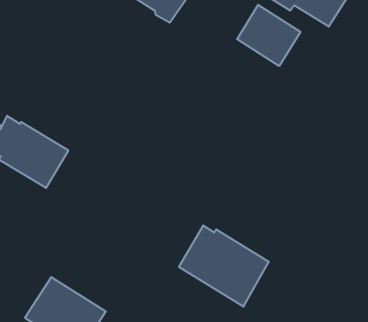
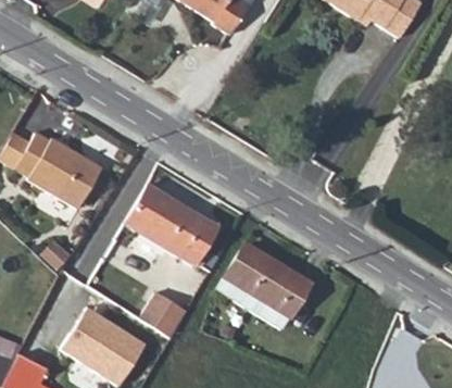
building: [237,5,300,66] -> none
building: none -> [127,186,221,267]
building: none -> [143,289,192,336]

